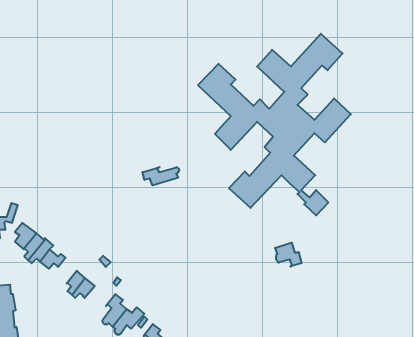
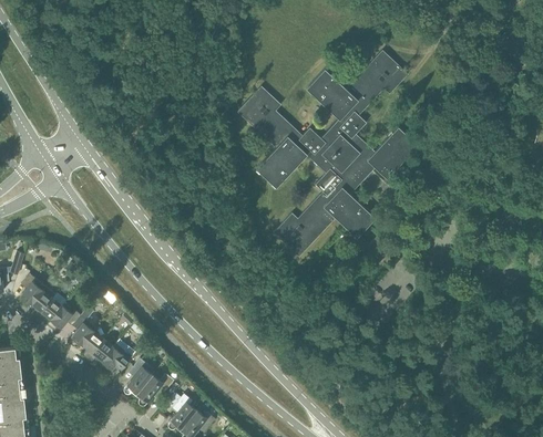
building: [142,167,179,185] -> none
building: [275,243,302,267] -> none
building: none -> [71,306,95,346]
building: none -> [102,341,134,370]

